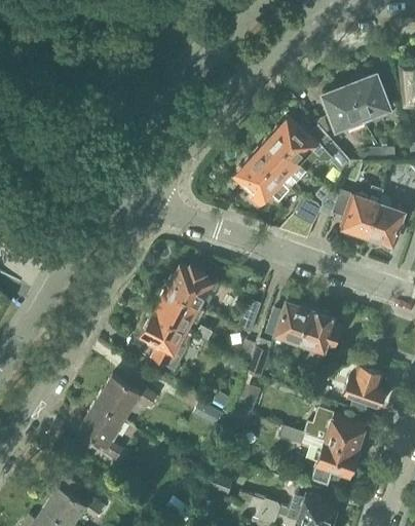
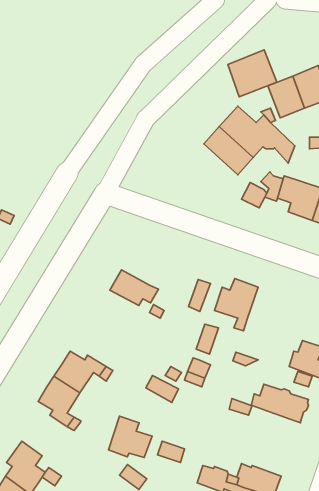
building: none -> [228,50,277,97]
building: [236,156,291,208] -> none
building: [167,264,220,310] -> none
building: [301,308,342,349] -> none
building: [140,310,194,370] -> none
building: [311,441,360,487] -> none
building: none -> [108,416,152,458]

